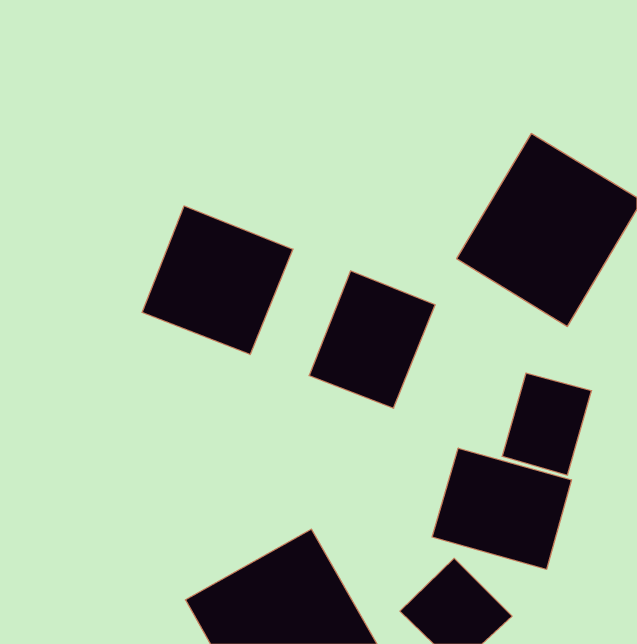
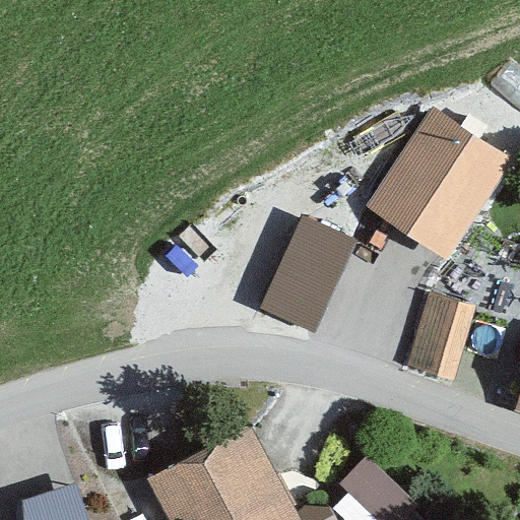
building: [142,206,293,355] -> none
building: [432,448,571,569] -> none

